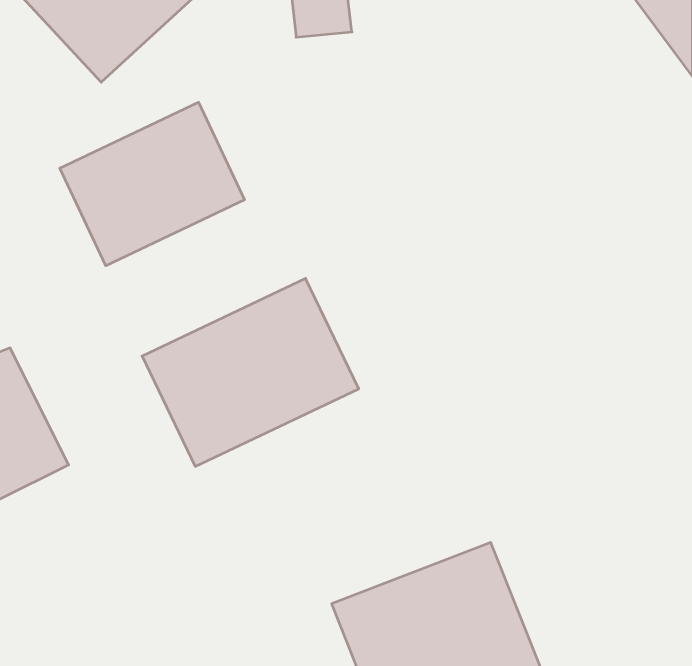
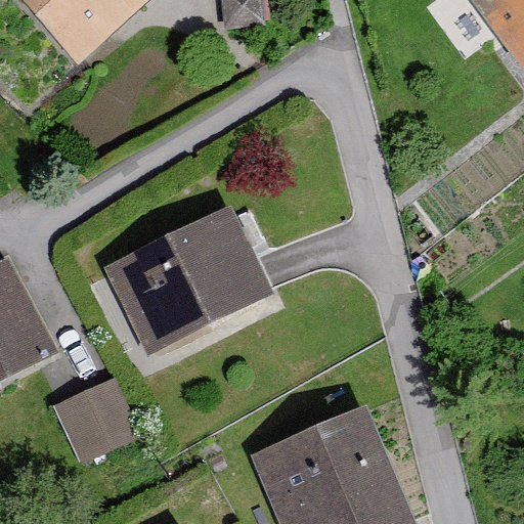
building: [60,102,244,266] -> none
building: none -> [52,381,135,463]

